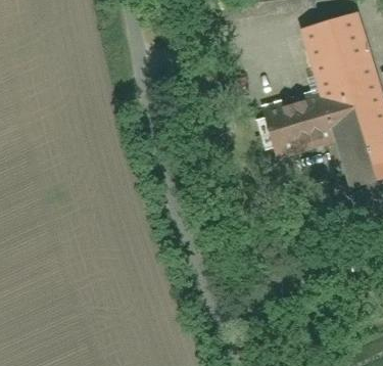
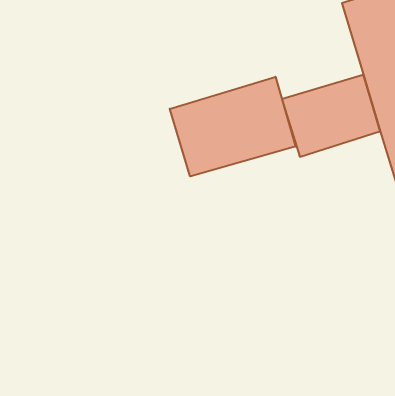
building: none -> [170,77,296,176]

